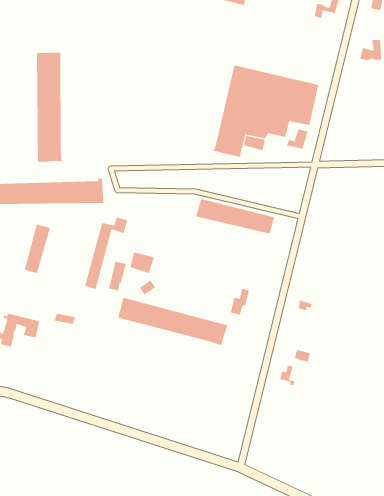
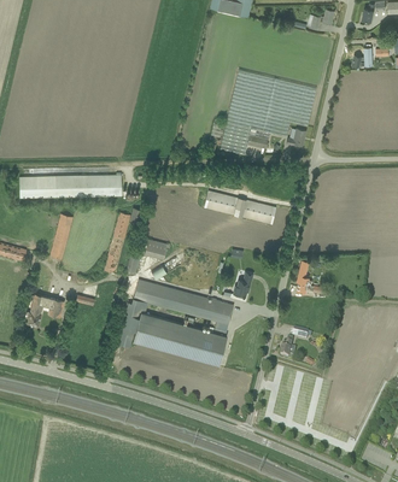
building: [36,52,63,163] -> none
building: none -> [133,312,228,365]

